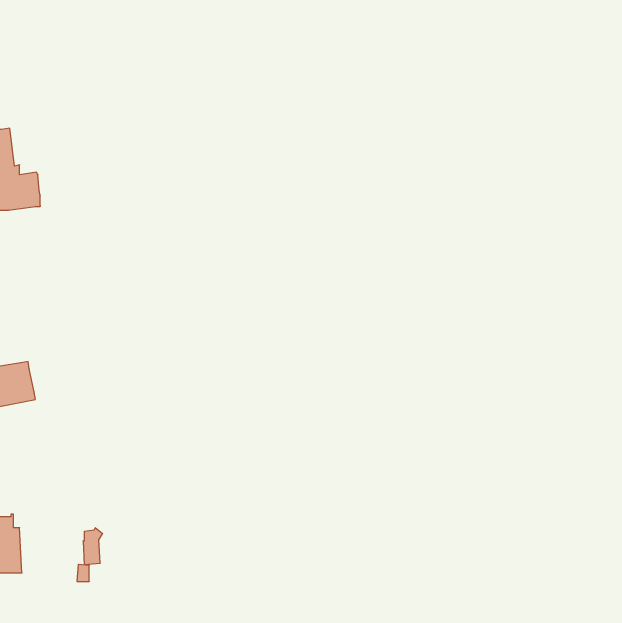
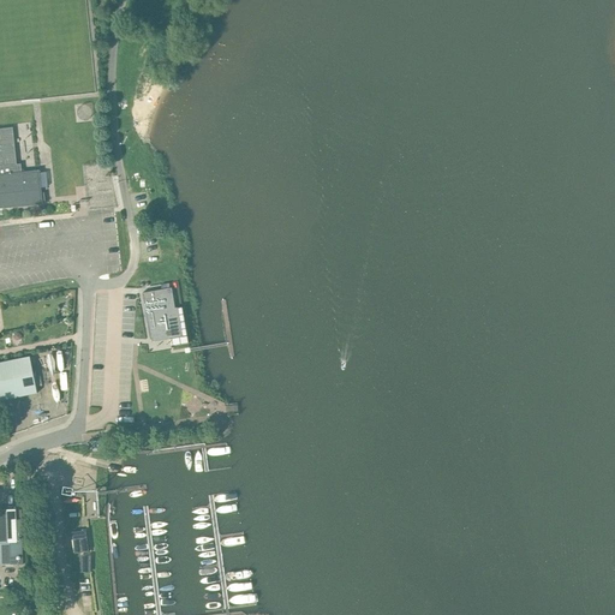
building: none -> [139,287,186,345]

